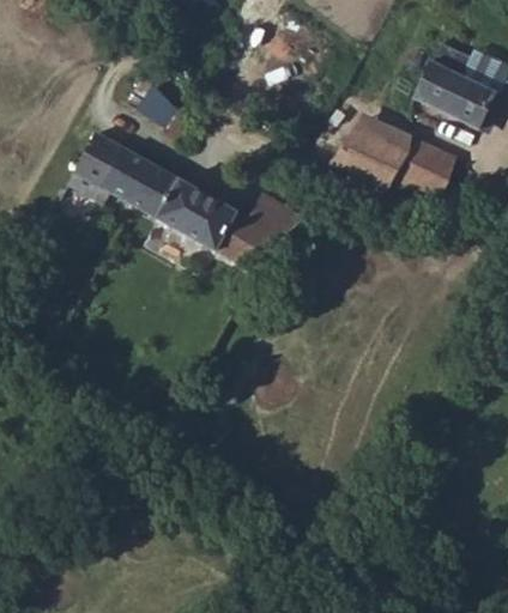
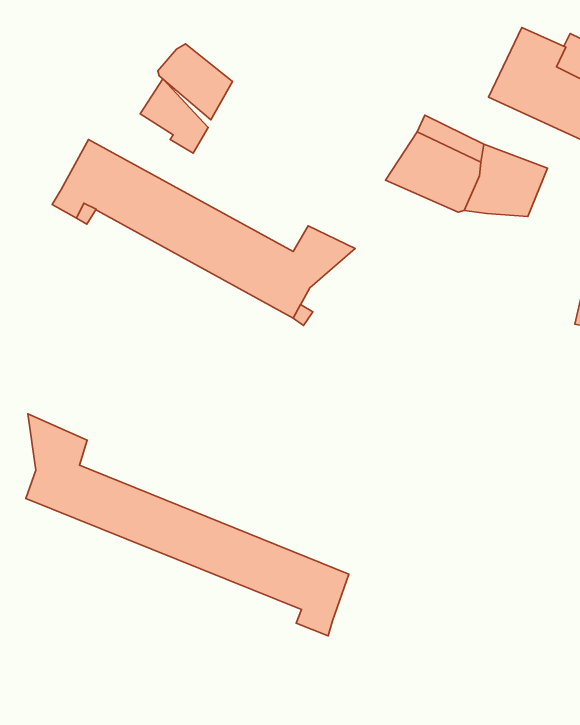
building: none -> [158,44,232,120]
building: none -> [26,414,349,636]

